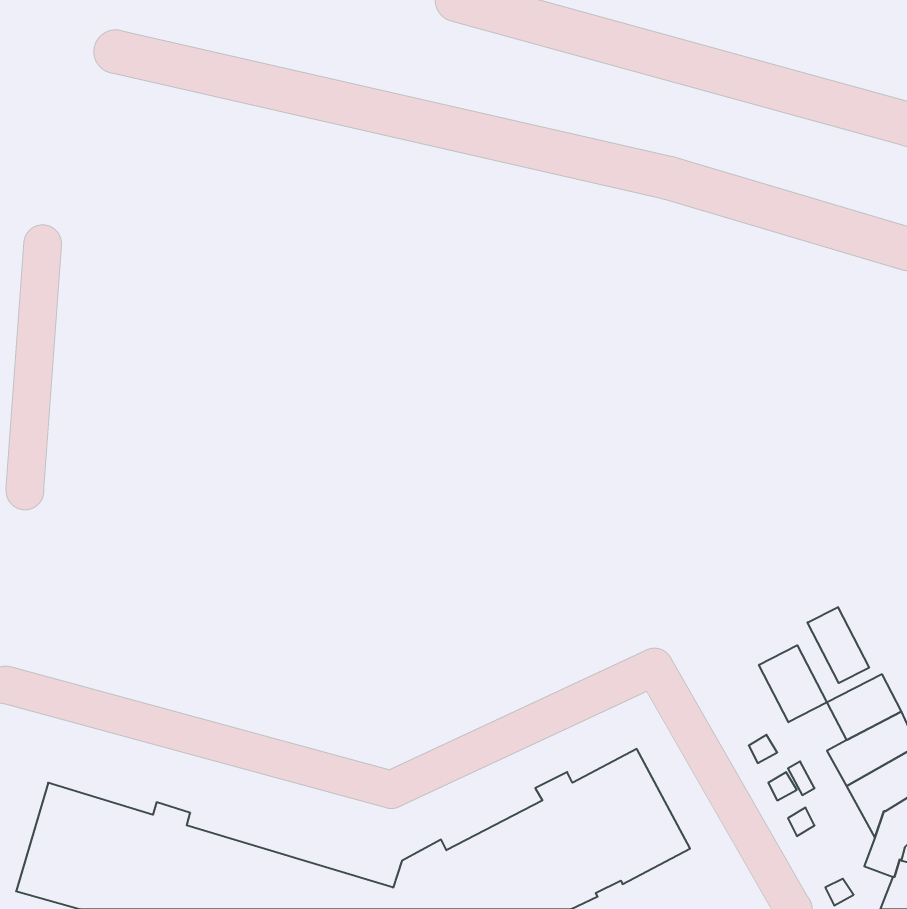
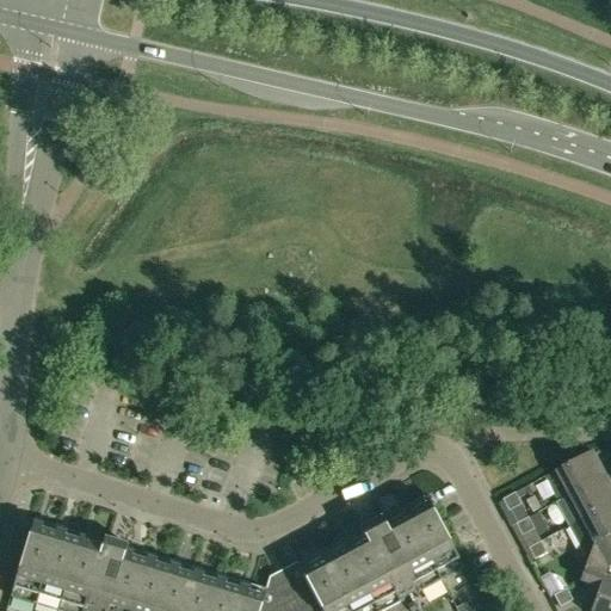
building: [807,607,869,683] -> none
building: [759,645,827,722] -> none

